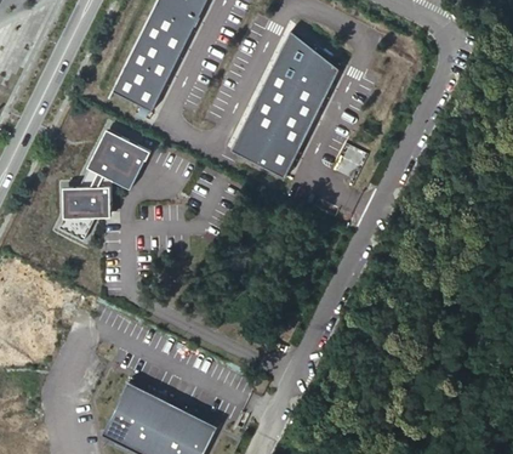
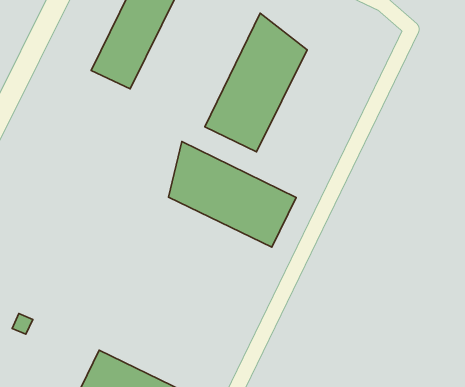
building: [55,131,146,240] -> none
building: none -> [168,141,296,247]

